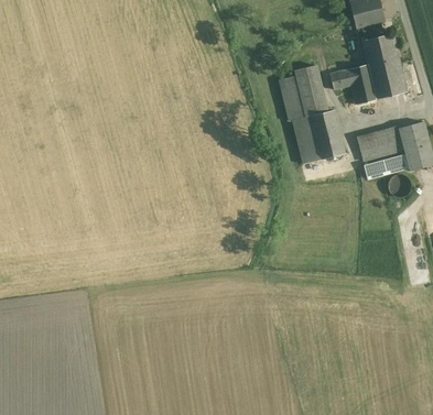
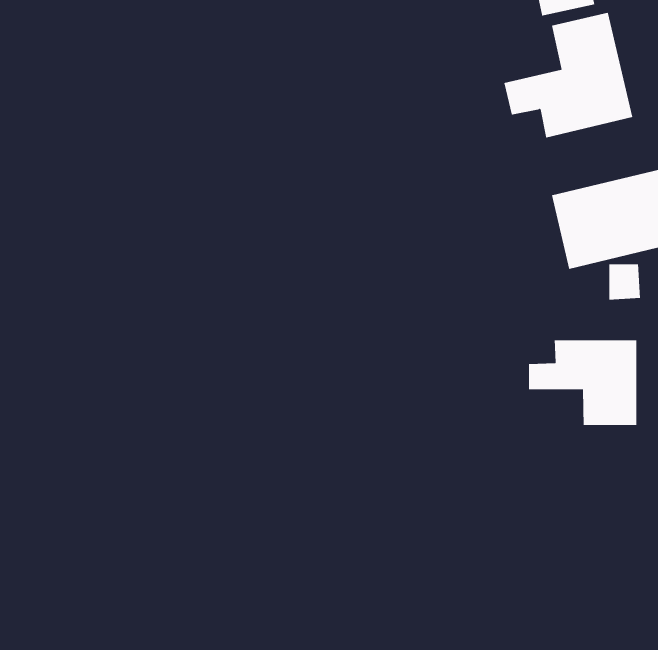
building: [280,70,338,166] -> none
building: none -> [528,339,637,426]

